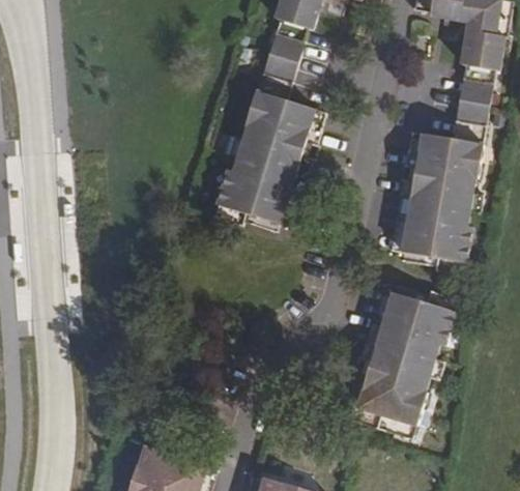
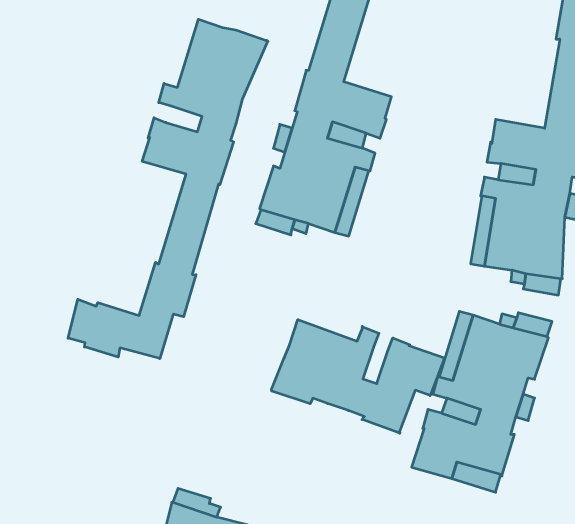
building: none -> [68,19,268,359]
building: none -> [271,320,445,433]

